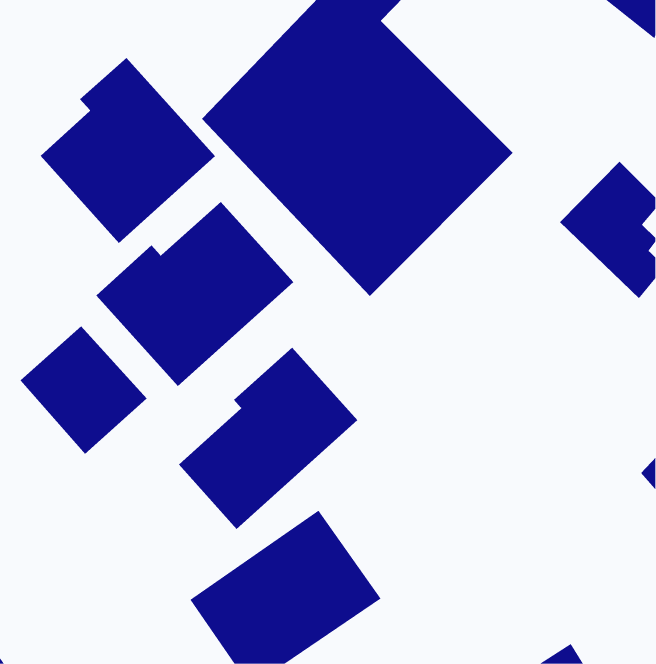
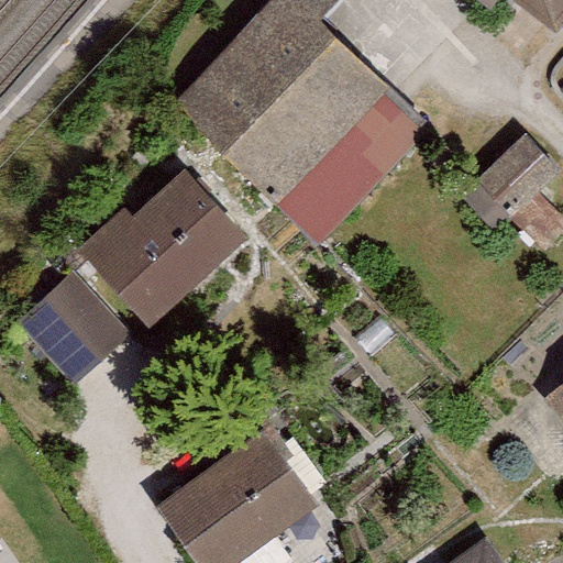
building: [40,57,216,244] -> none
building: [178,347,358,530] -> none

